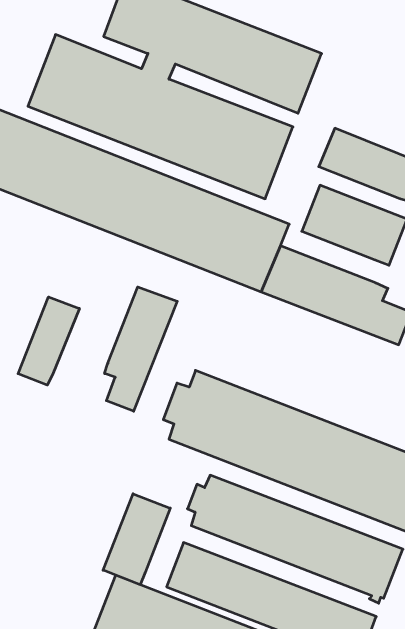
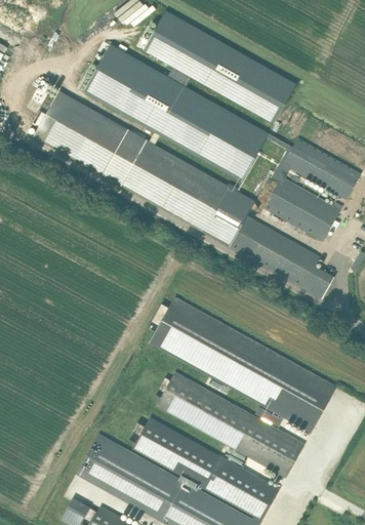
building: [105,287,177,411] -> none
building: [18,297,79,385] -> none
building: [103,494,170,585] -> none

